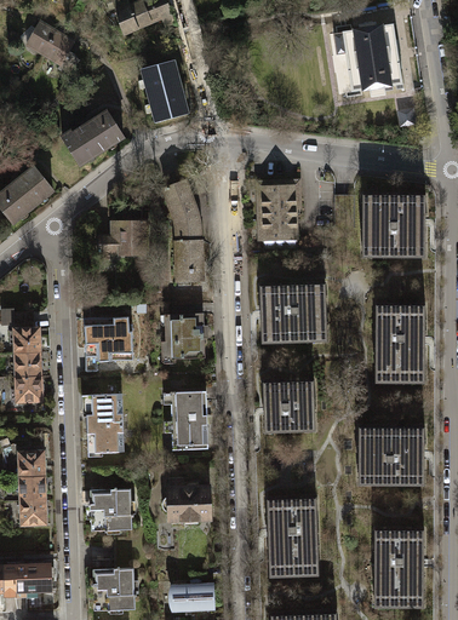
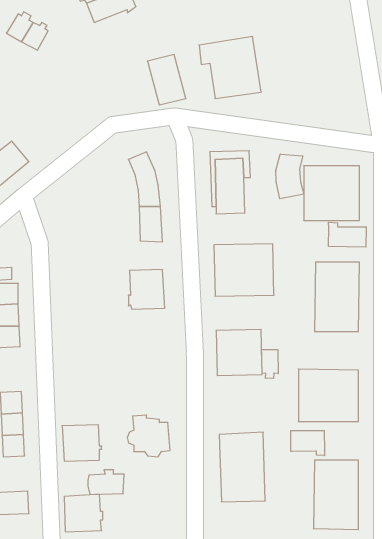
building: [334,23,405,93] -> [199,37,261,99]
building: [141,63,184,120] -> [147,55,186,105]
building: [59,111,121,165] -> none
building: none -> [276,154,304,199]
building: [98,220,143,258] -> none
building: none -> [329,222,366,247]
building: [85,317,133,372] -> none
building: [171,390,208,449] -> none
building: [86,394,124,452] -> none
building: none -> [262,349,278,378]
building: none -> [291,431,325,456]
building: [172,580,213,608] -> [88,470,124,495]

